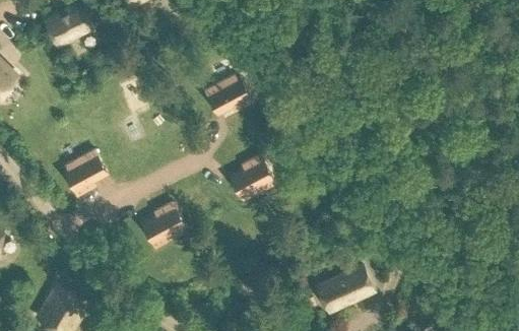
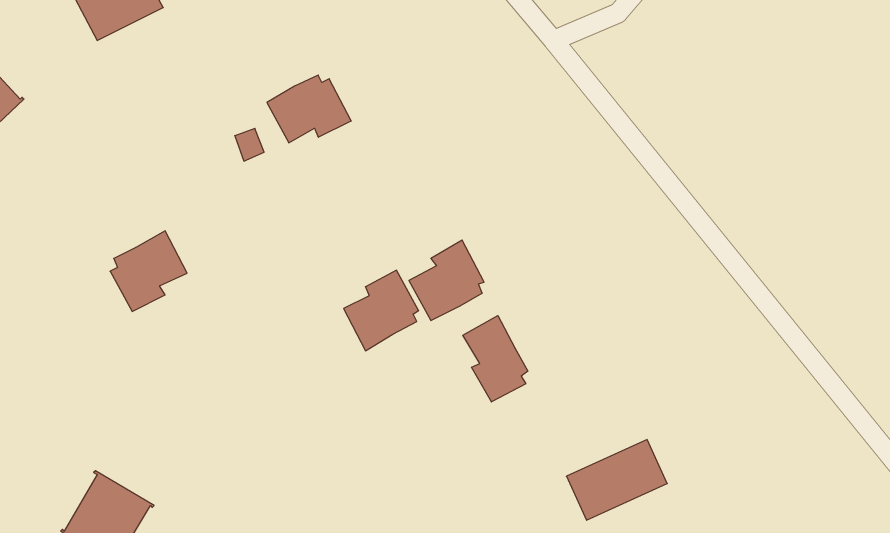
building: [205,77,252,115] -> [267,75,351,143]
building: none -> [463,316,528,402]
building: [142,204,184,249] -> [344,270,419,351]

